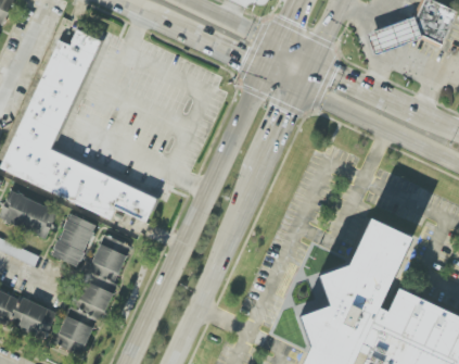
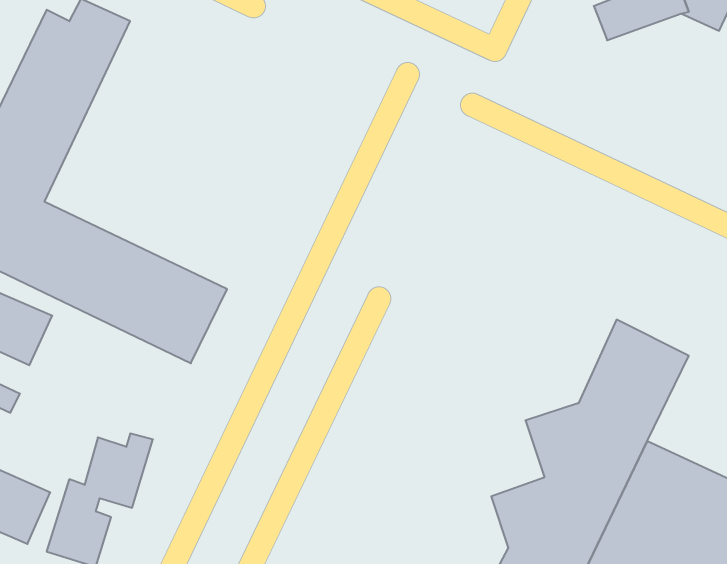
building: [50,214,95,267] -> none
building: [89,236,129,283] -> none

